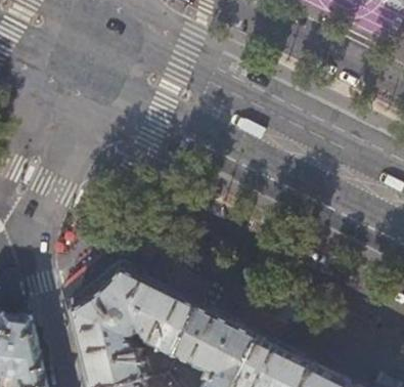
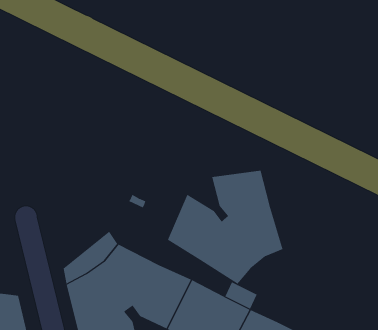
building: none -> [167,170,283,285]

